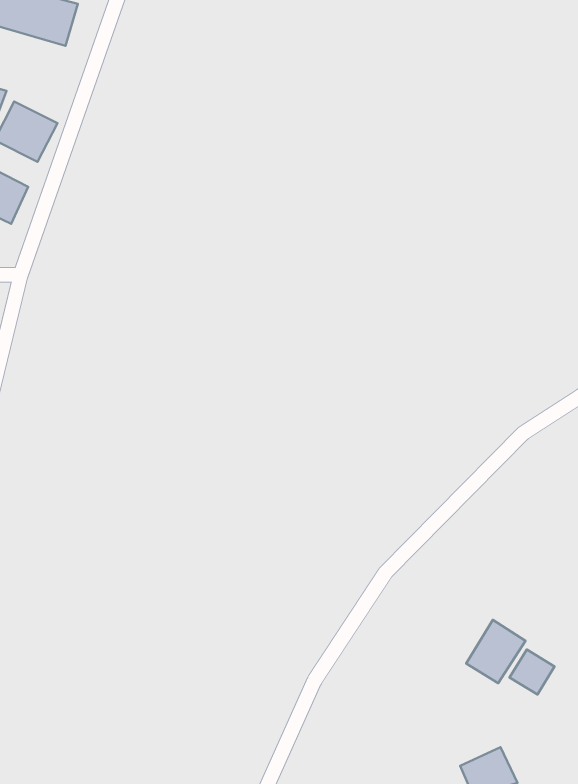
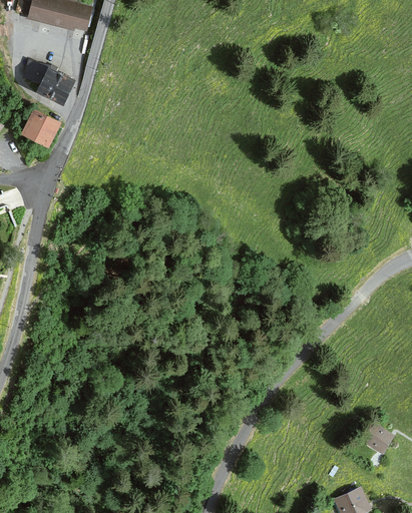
building: [466,620,526,683] -> none

